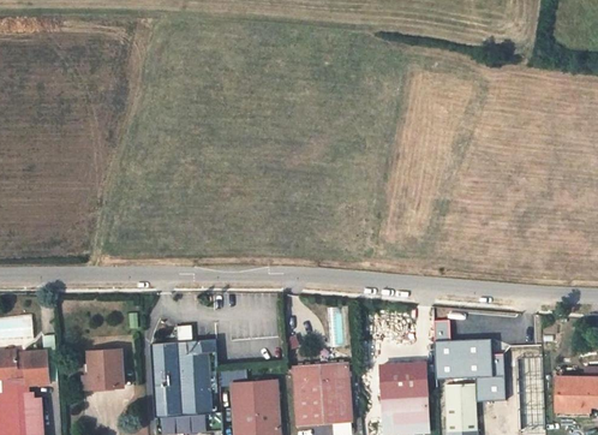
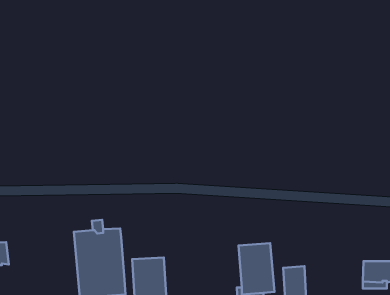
building: [433,324,504,404] -> none
building: [82,352,121,391] -> none
building: [294,356,354,423] -> none

